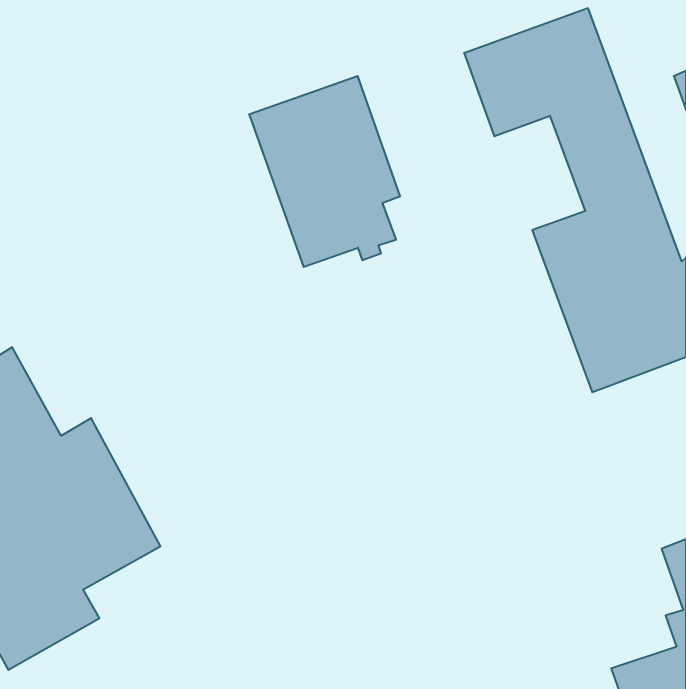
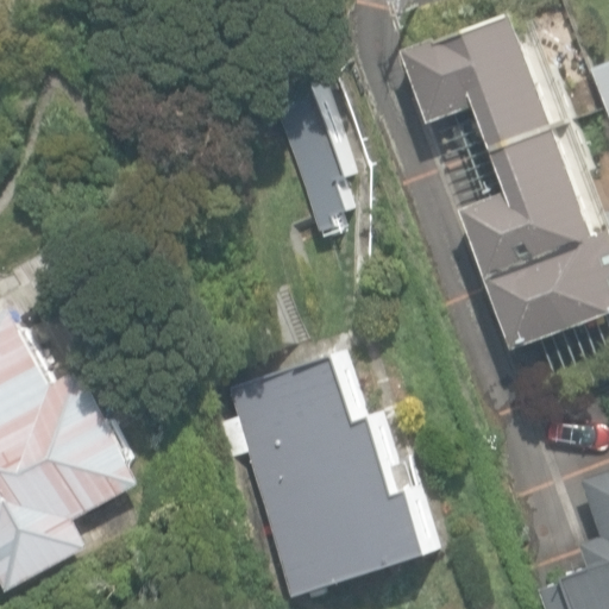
building: none -> [227,354,434,597]

